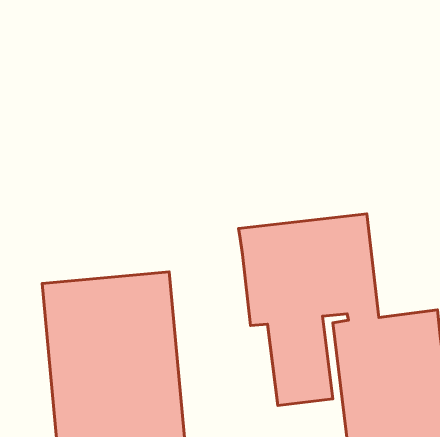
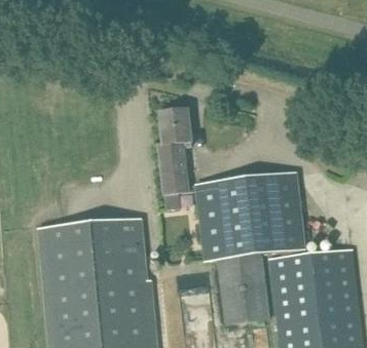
building: none -> [158,107,196,206]

